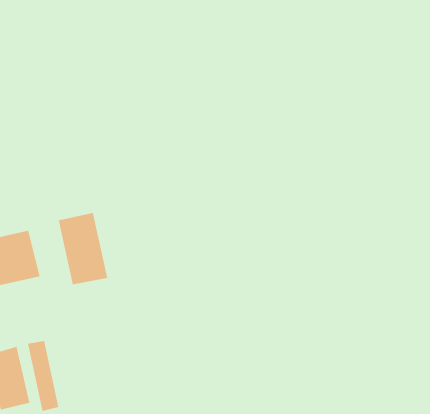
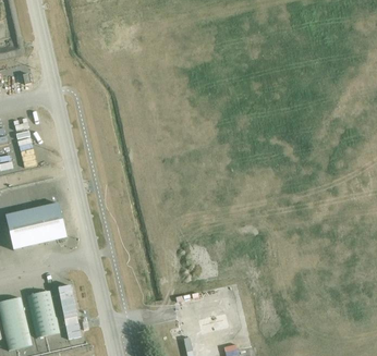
building: [58,212,108,285] -> none

